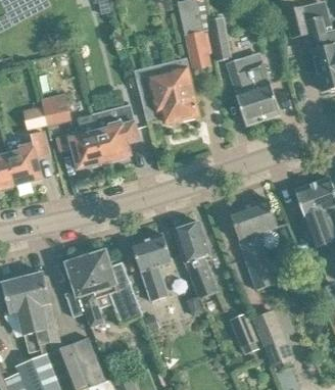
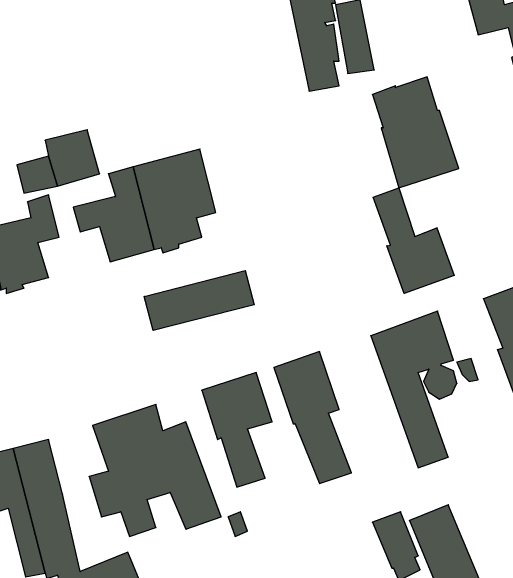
building: [137,69,196,121] -> none
building: none -> [373,188,454,293]
building: none -> [144,271,254,330]

